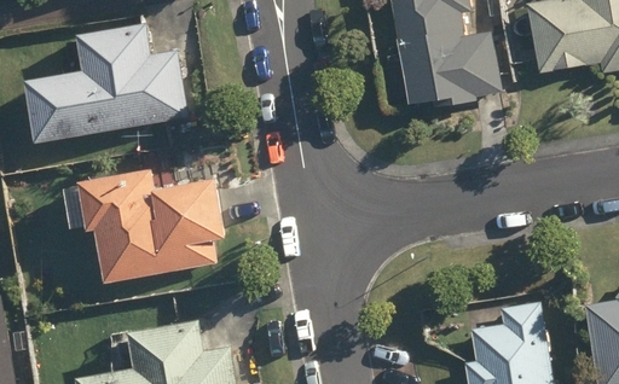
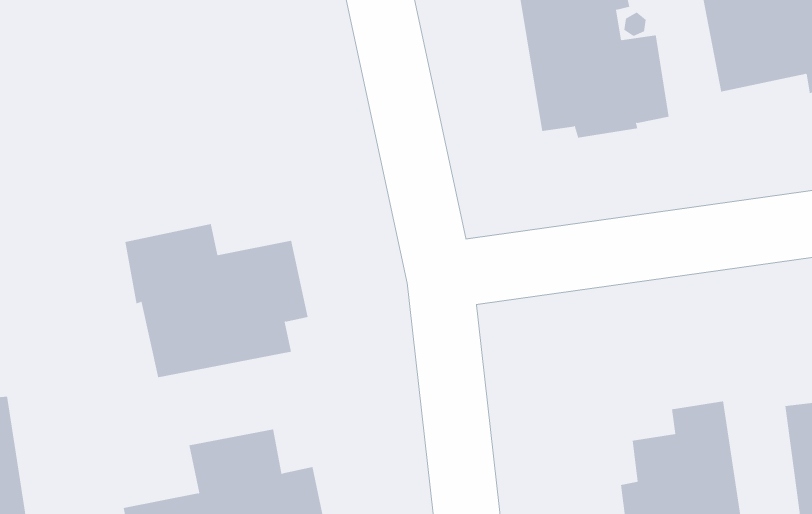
building: [37,24,190,142] -> none

